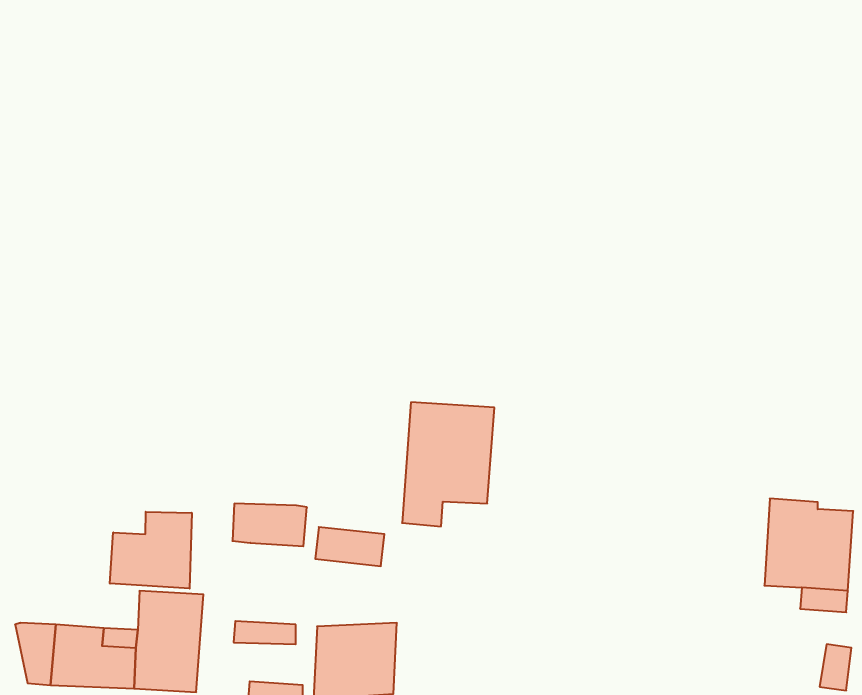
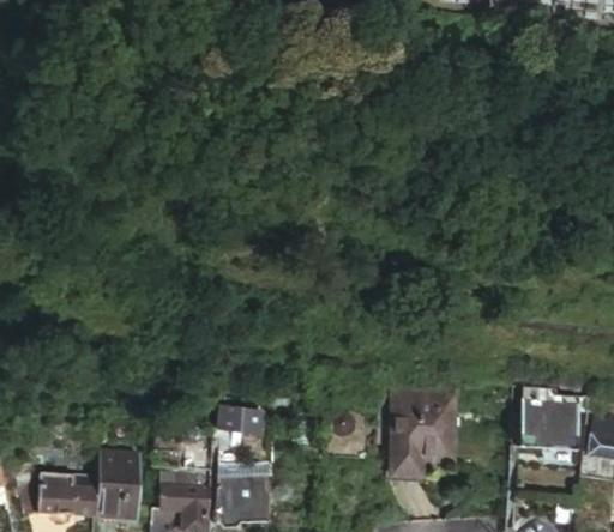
building: [402,402,494,526] -> [395,392,457,476]
building: [232,504,307,546] -> [159,484,210,513]
building: [110,512,192,589] -> none

